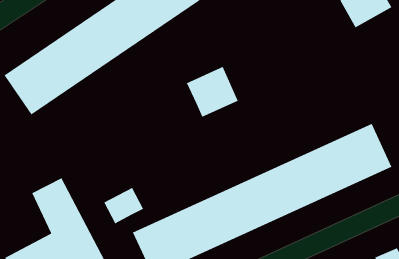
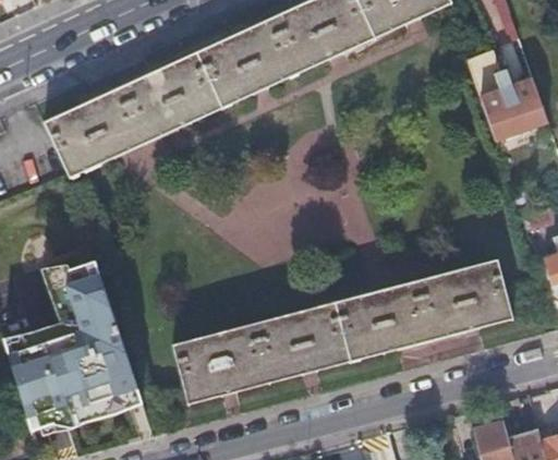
building: [186,66,239,118] -> none
building: [103,187,144,224] -> none

